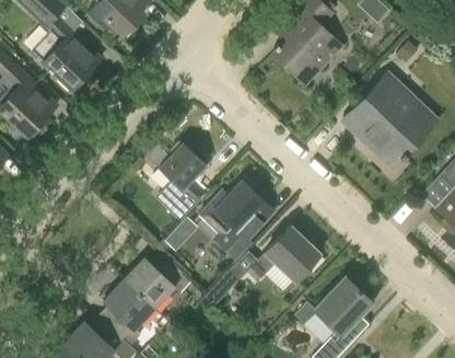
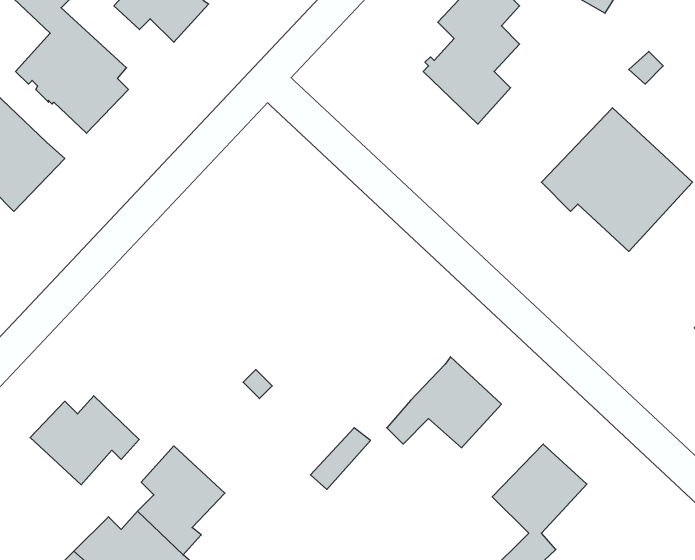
building: [149,142,207,217] -> none
building: [205,181,275,258] -> none
building: [124,254,189,308] -> [30,396,139,485]

